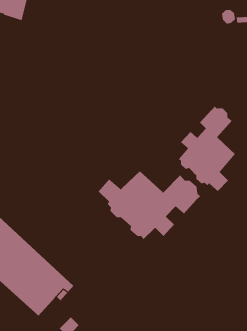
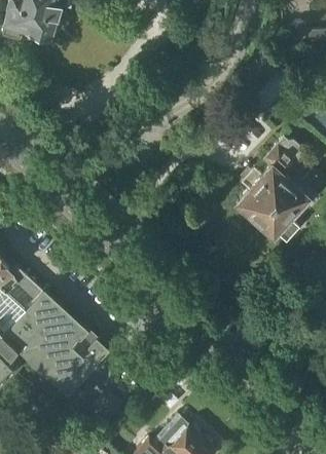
building: [98,170,201,240] -> none

